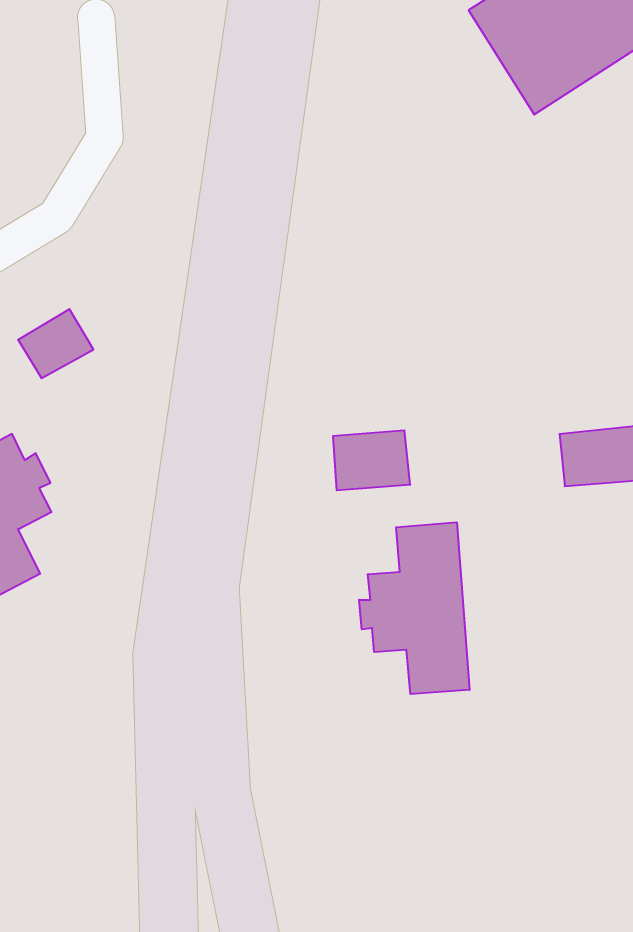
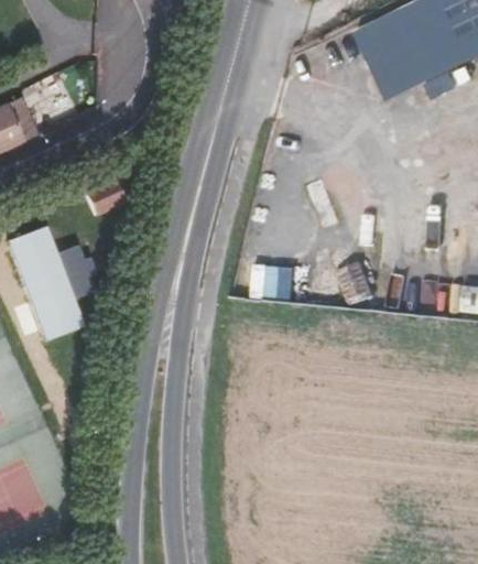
building: [359,522,470,694] -> none

